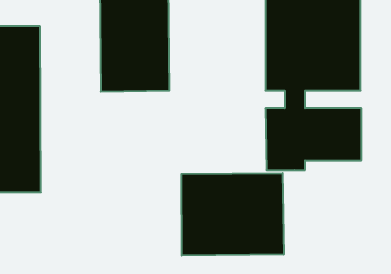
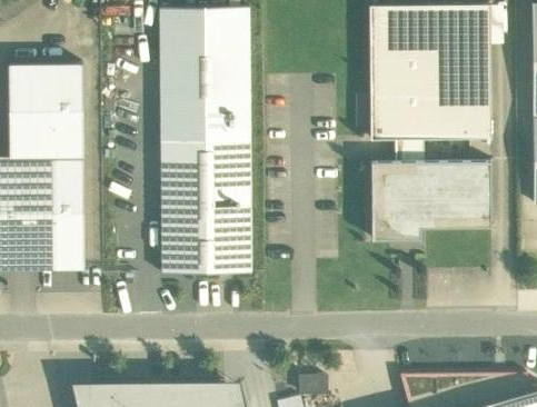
building: none -> [161,141,249,276]
building: [181,173,284,256] -> none

